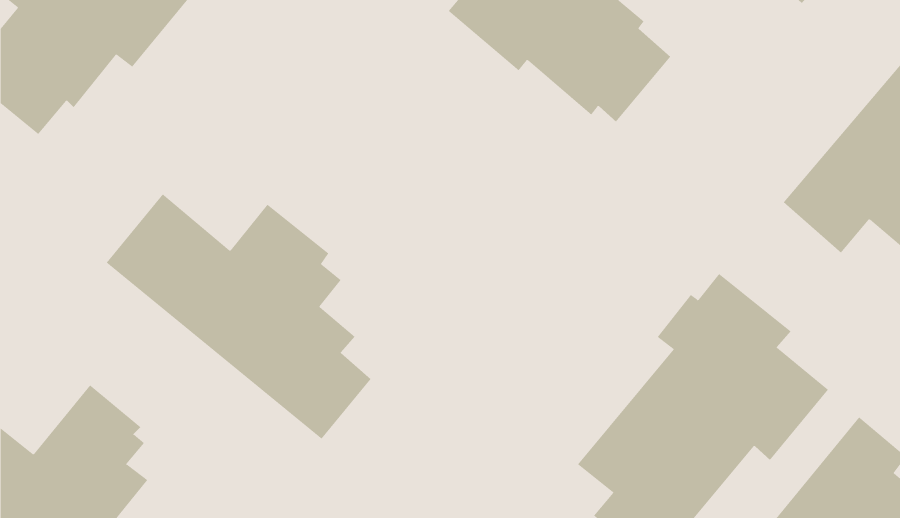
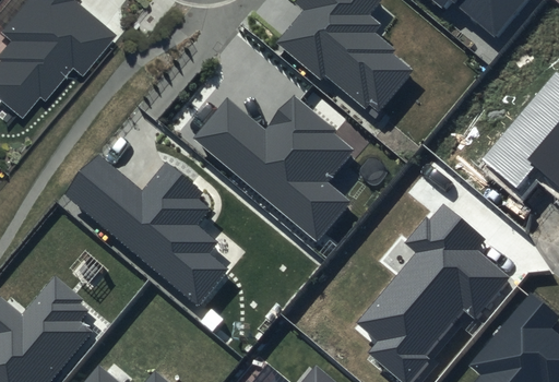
building: none -> [194,94,353,239]

